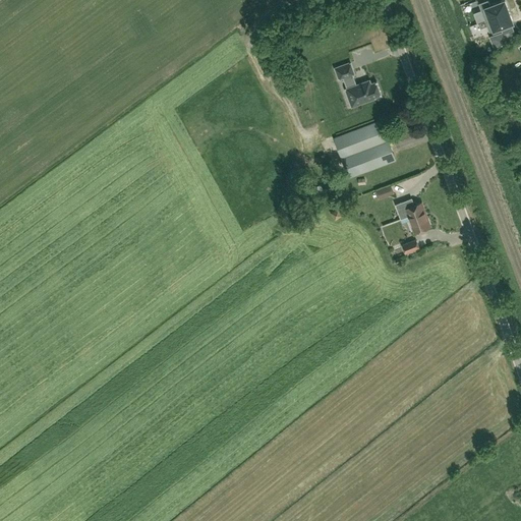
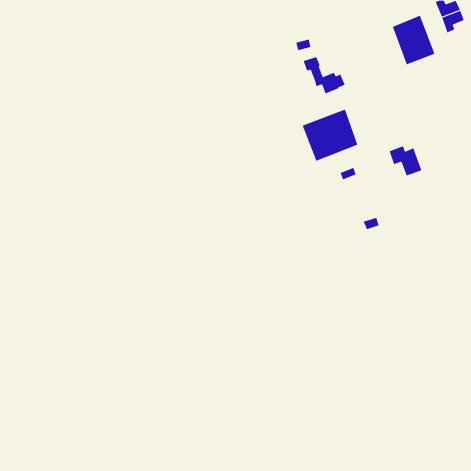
building: none -> [392,15,435,65]
building: [394,199,430,233] -> [389,146,422,176]

